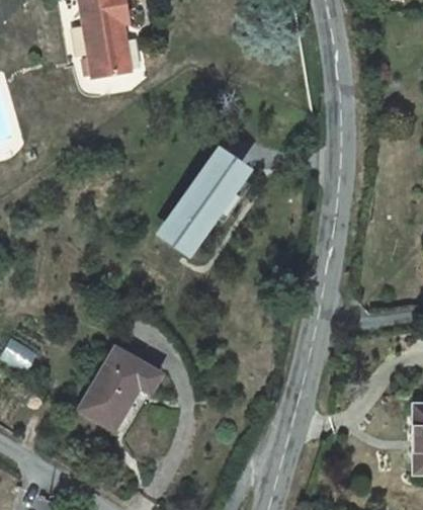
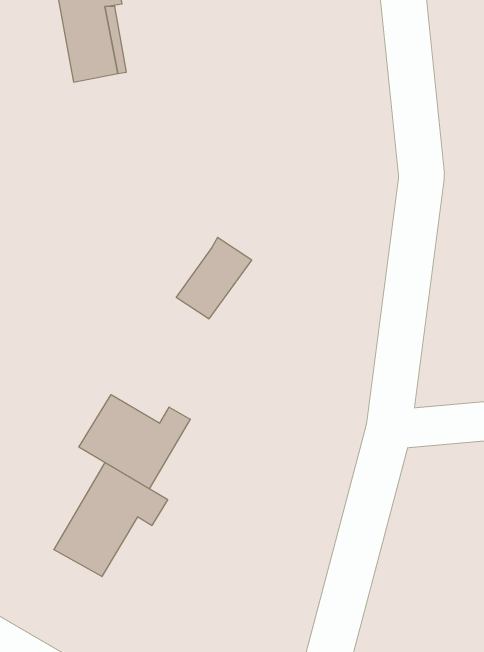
building: [188,157,241,203] -> none
building: none -> [79,395,190,489]

